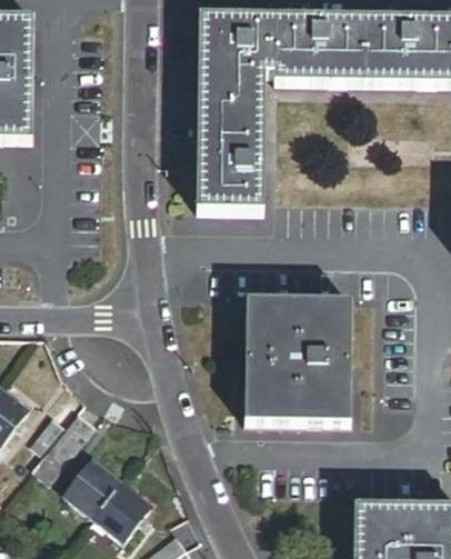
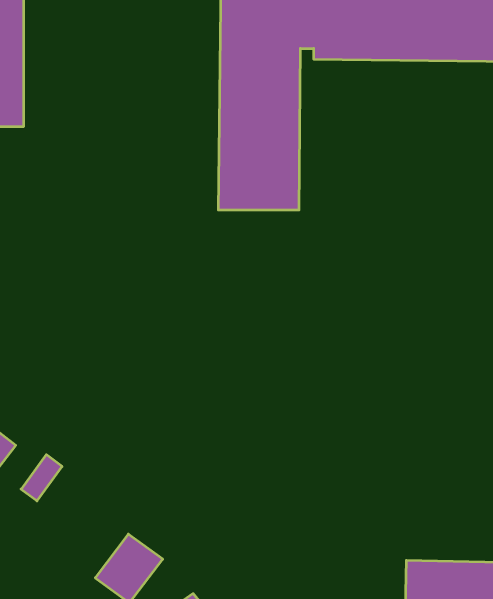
building: [244,298,351,423] -> none
building: [43,409,94,467] -> none
building: [63,460,120,519] -> none

